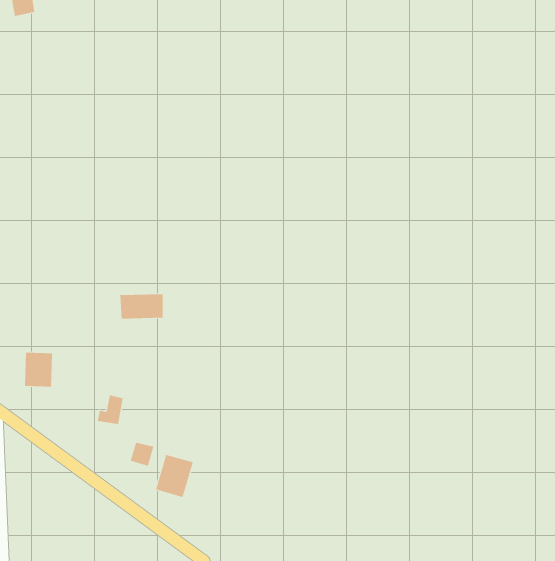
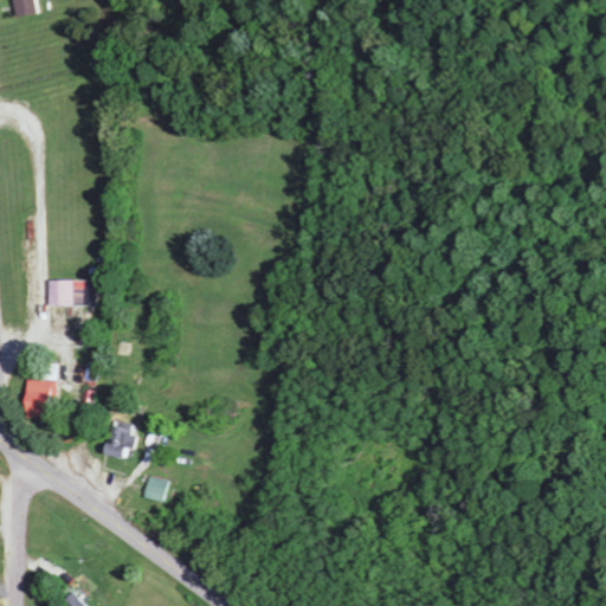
building: [120,294,164,319] -> [46,278,94,305]
building: [155,454,193,498] -> none

